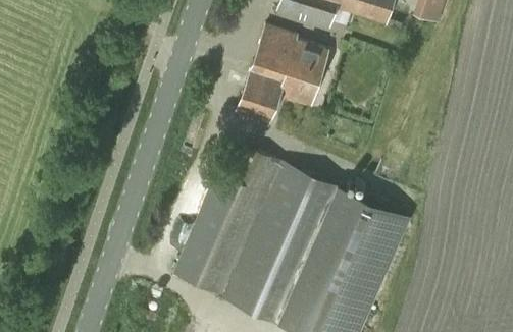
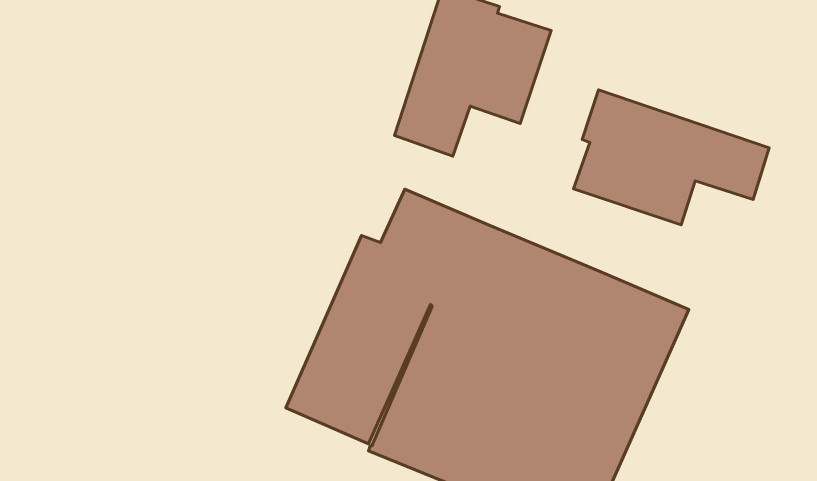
building: none -> [574,90,769,225]

